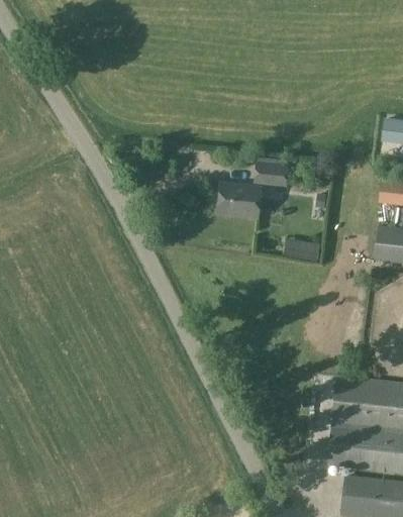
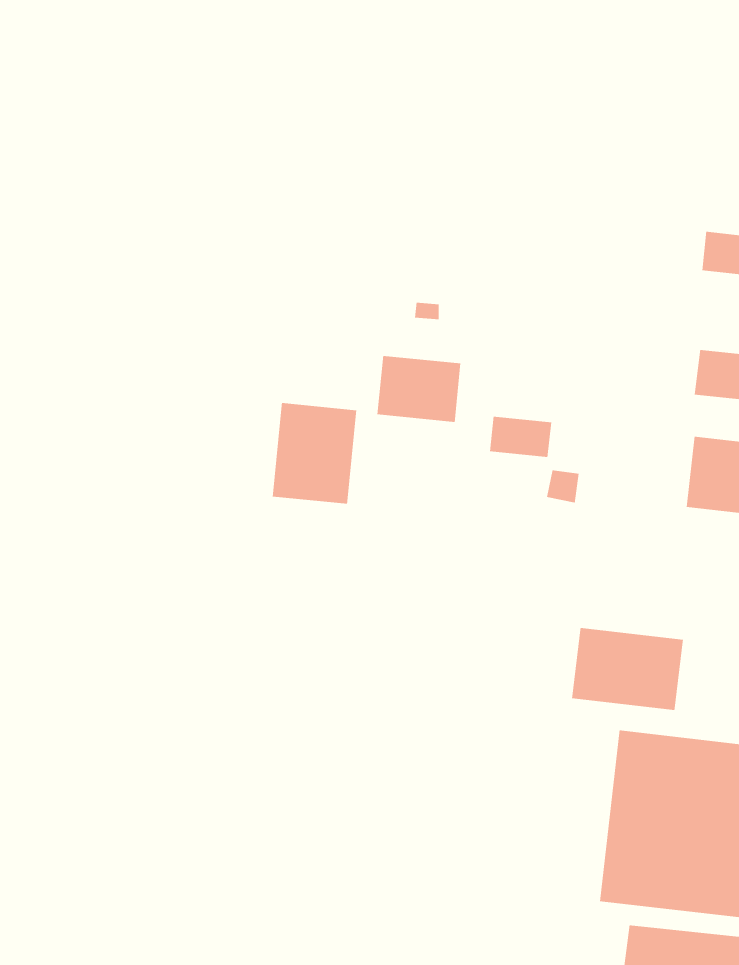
building: [253,165,285,186] -> [489,416,552,458]
building: none -> [272,402,357,505]
building: none -> [571,627,683,711]

